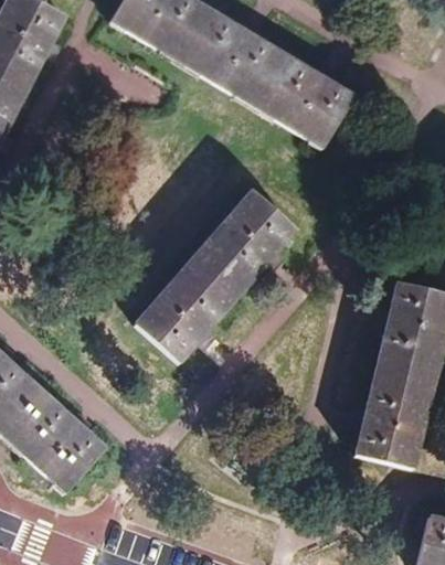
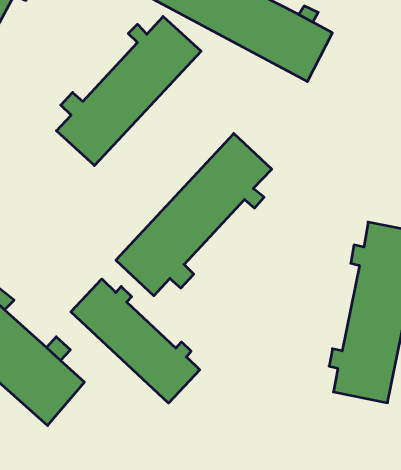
building: none -> [56,16,201,166]
building: none -> [71,279,200,403]

